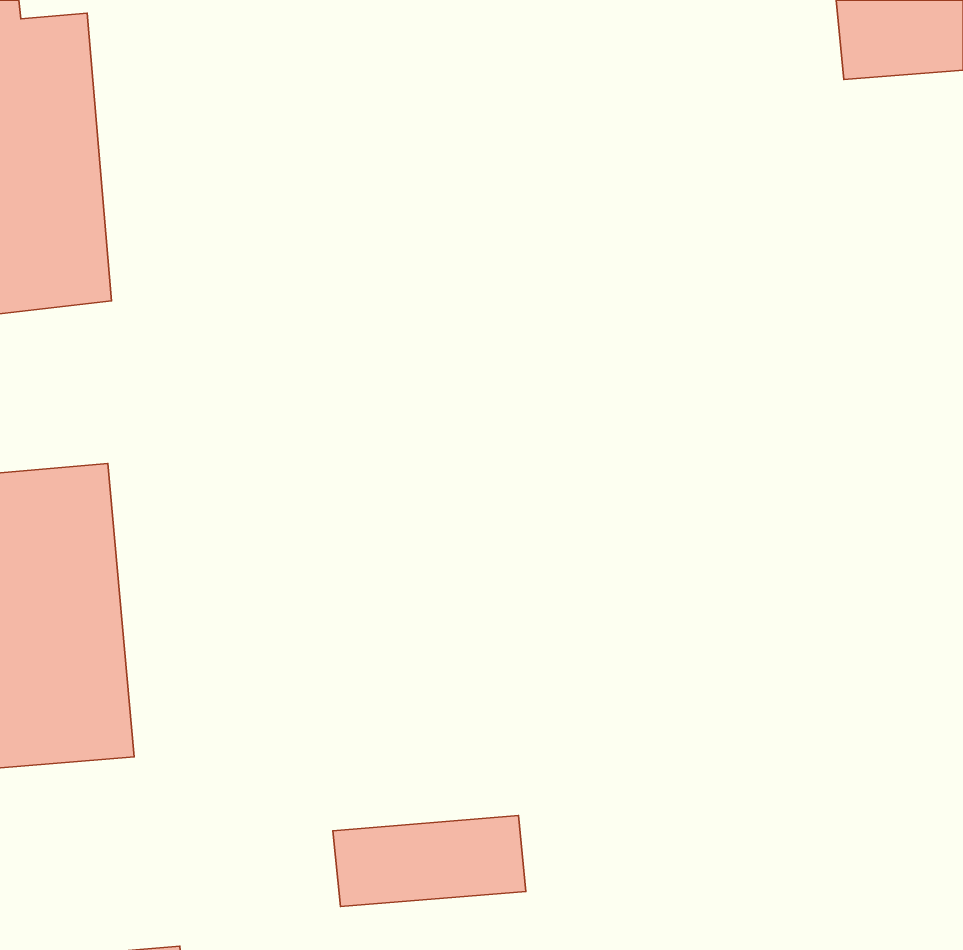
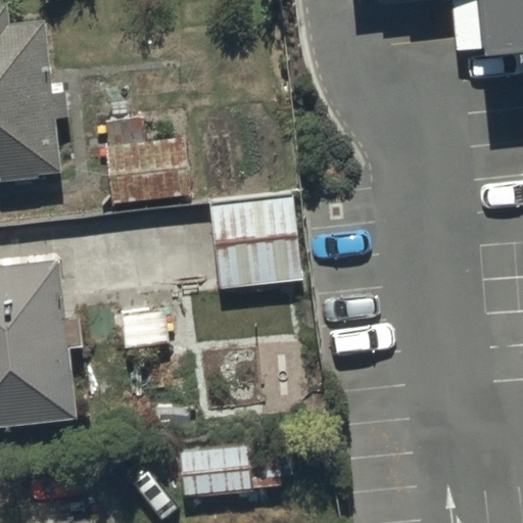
building: none -> [103,116,191,203]
building: none -> [209,197,301,288]

